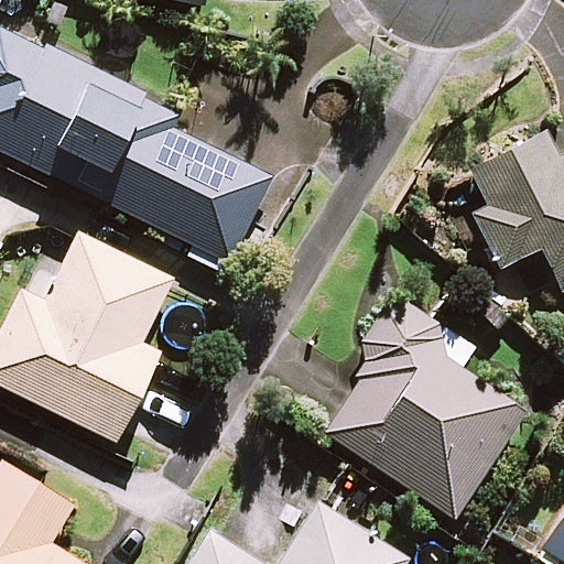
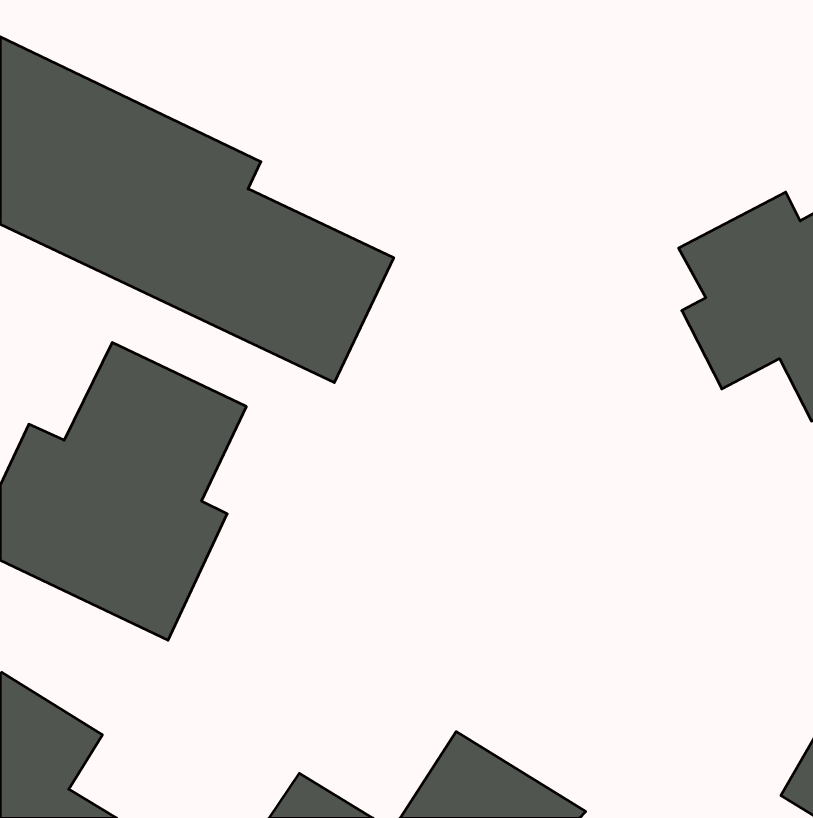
building: [319,295,524,518] -> none

